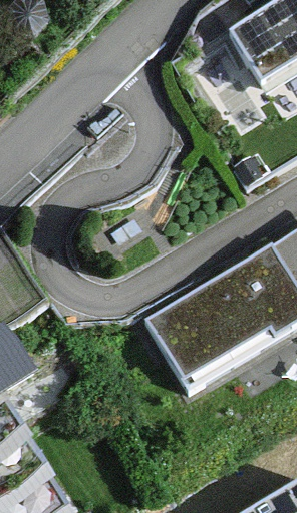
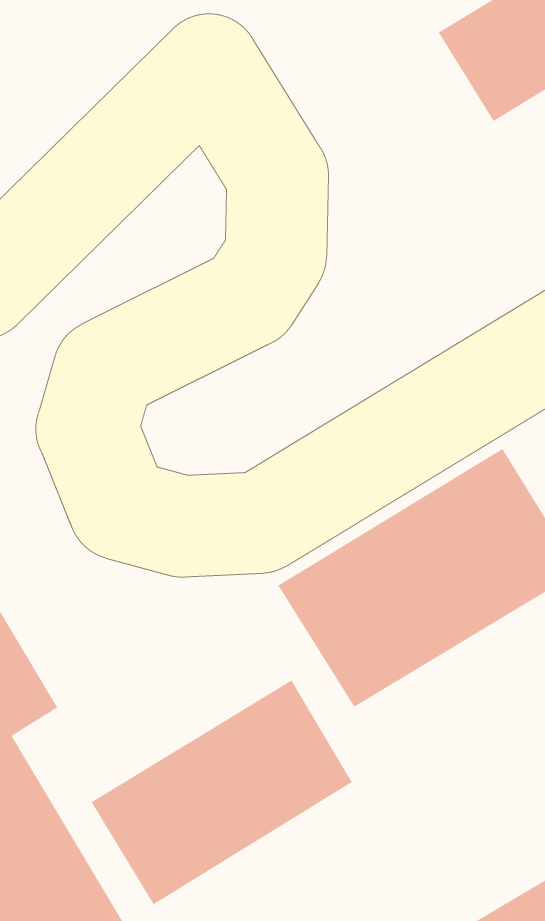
building: none -> [91,679,353,905]

